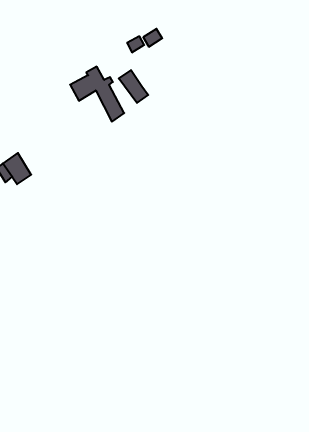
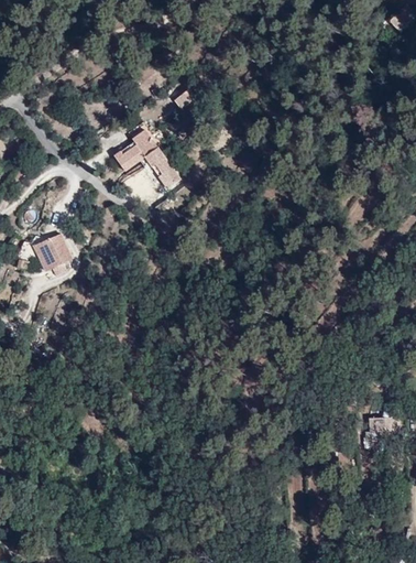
building: [119,70,148,103] -> none

